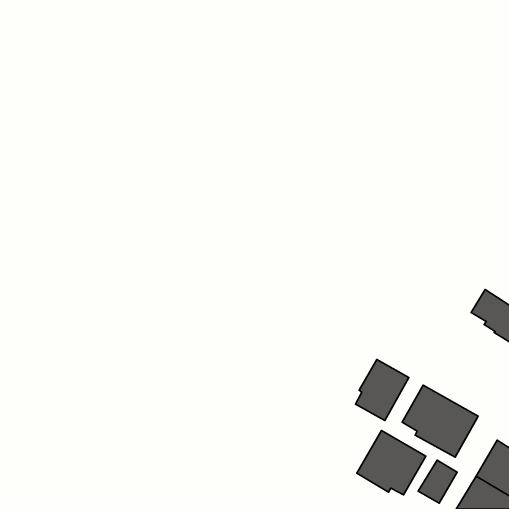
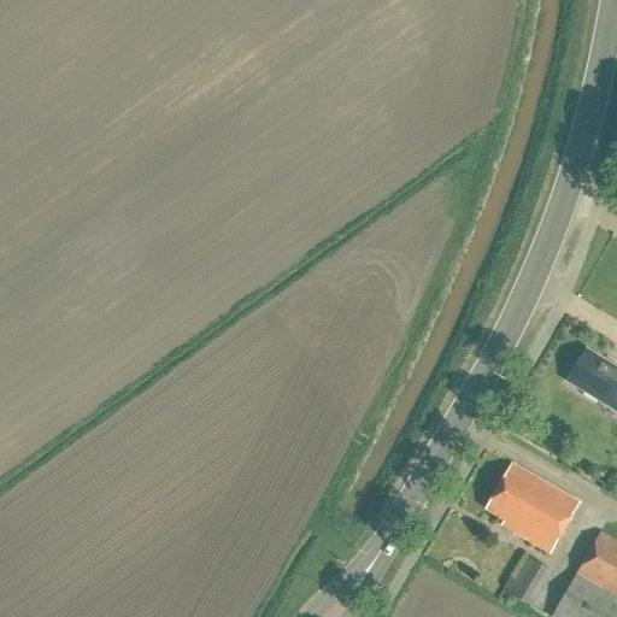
building: [356,359,409,420] -> none
building: [357,430,426,495] -> none

